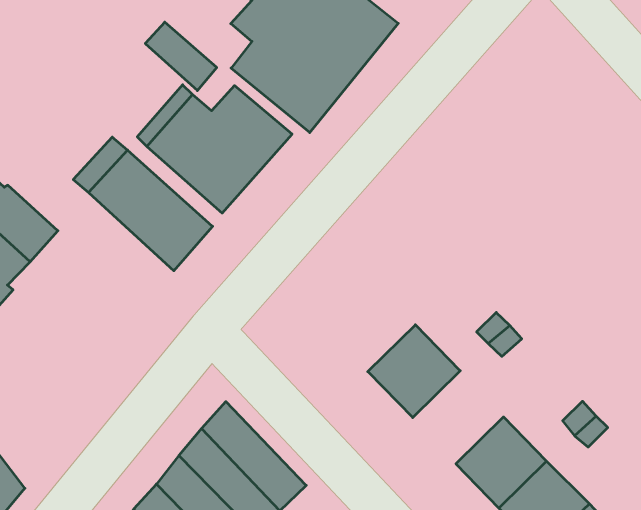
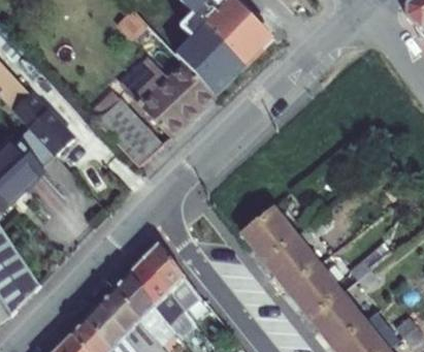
building: none -> [266,238,319,292]

